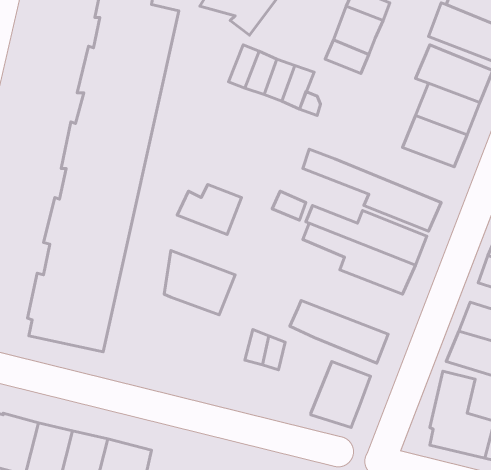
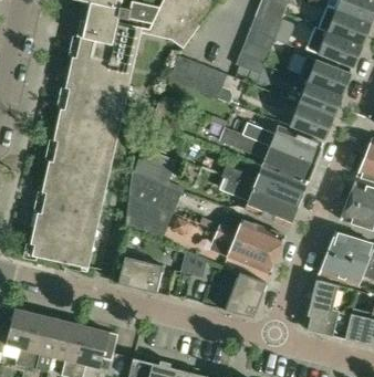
building: none -> [241,123,322,164]
building: none -> [128,172,181,213]
building: none -> [218,219,284,254]
building: none -> [117,256,163,293]

